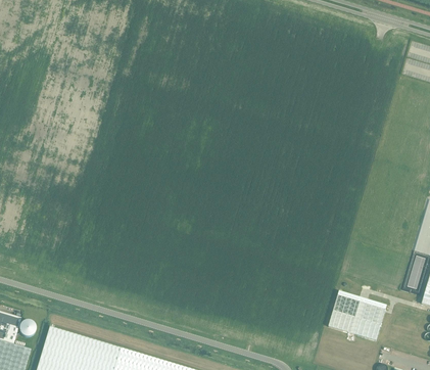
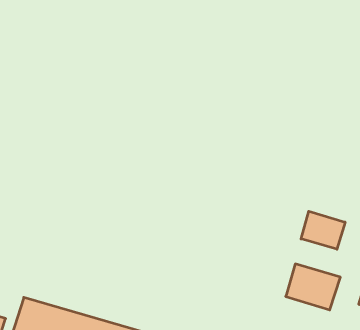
building: none -> [301,211,345,249]

